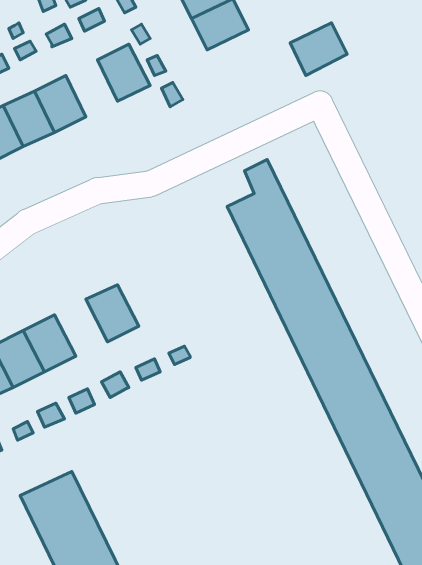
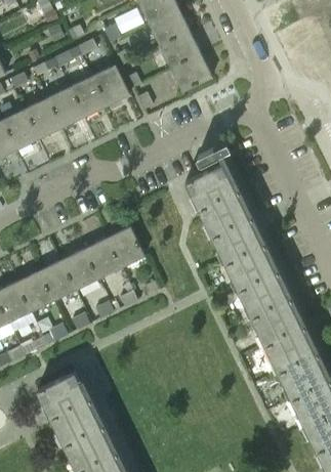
building: [290,23,347,76] -> [171,54,212,92]
building: none -> [70,76,107,117]
building: none -> [107,226,144,267]
building: none -> [61,248,99,289]

